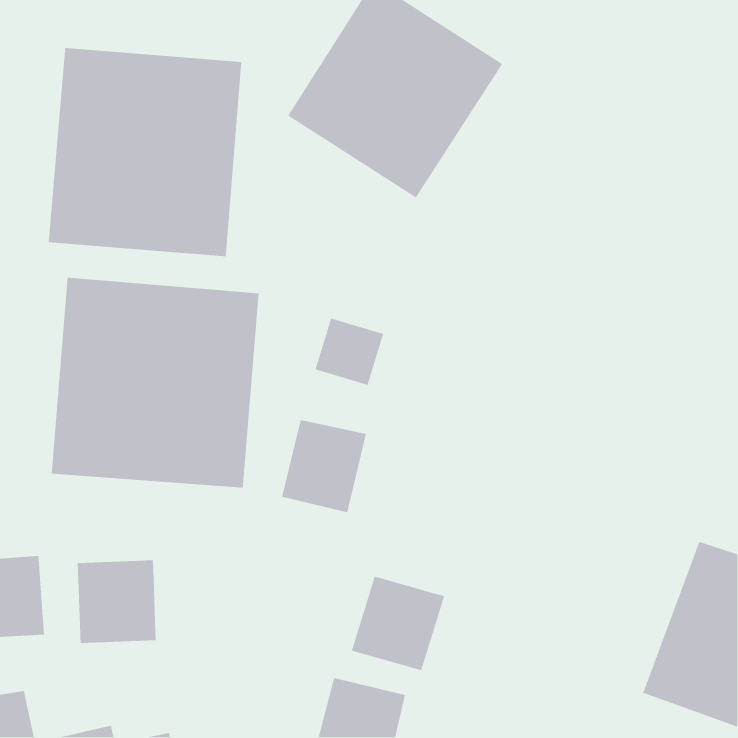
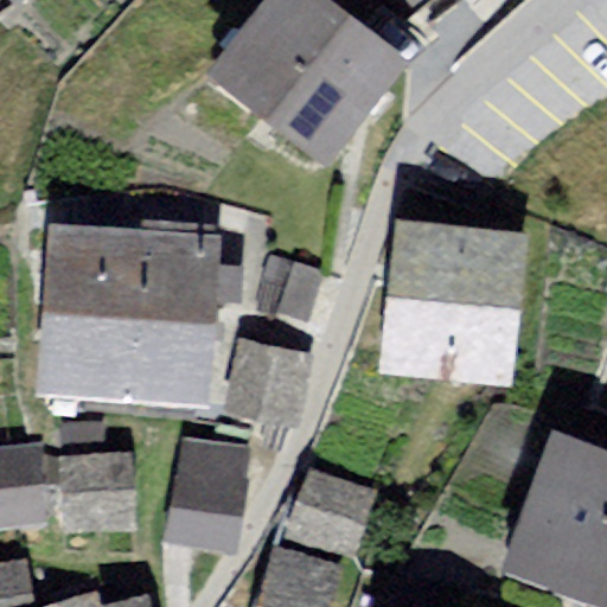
building: [48,47,242,257] -> none
building: none -> [395,230,510,370]
building: none -> [167,439,239,543]

